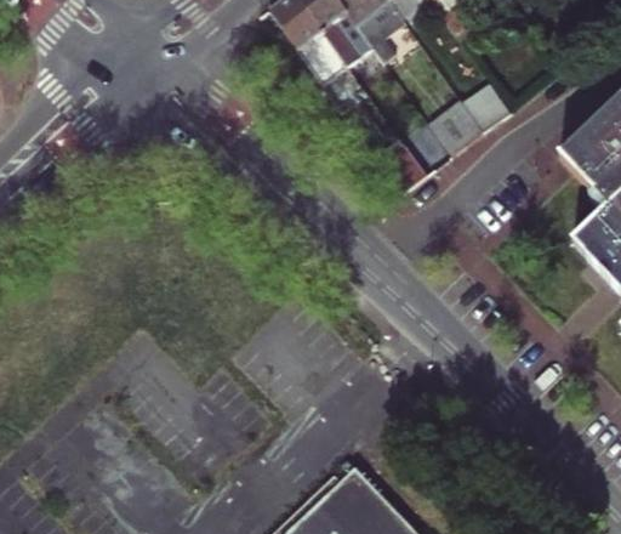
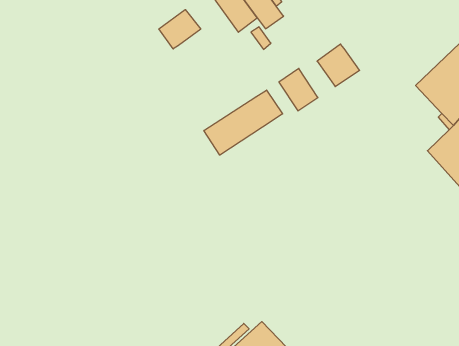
building: none -> [159,10,201,49]
building: [465,85,513,135] -> none
building: none -> [204,90,283,155]

